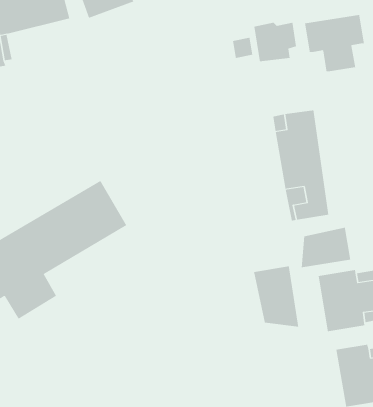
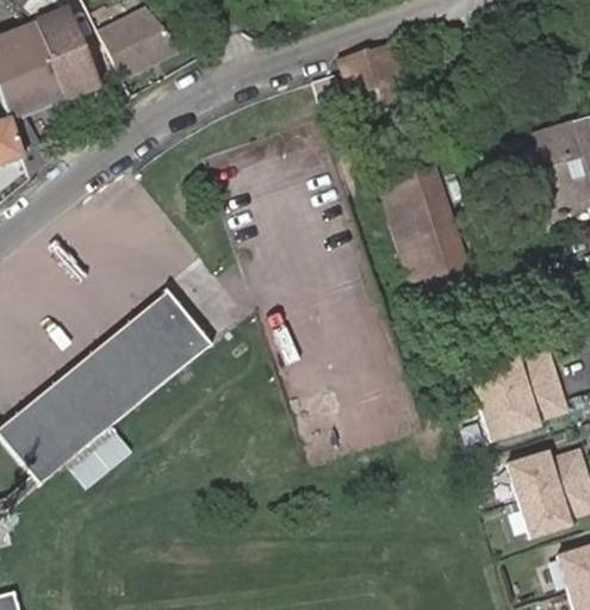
building: [304,14,365,72] -> none
building: [301,227,351,268] -> none
building: [253,266,299,327] -> none

